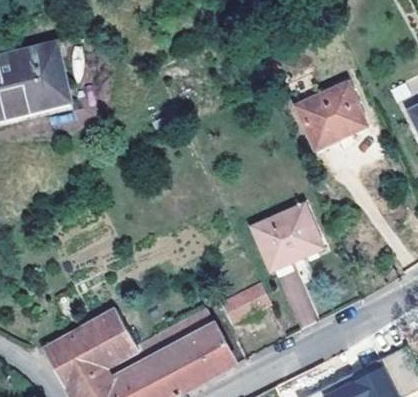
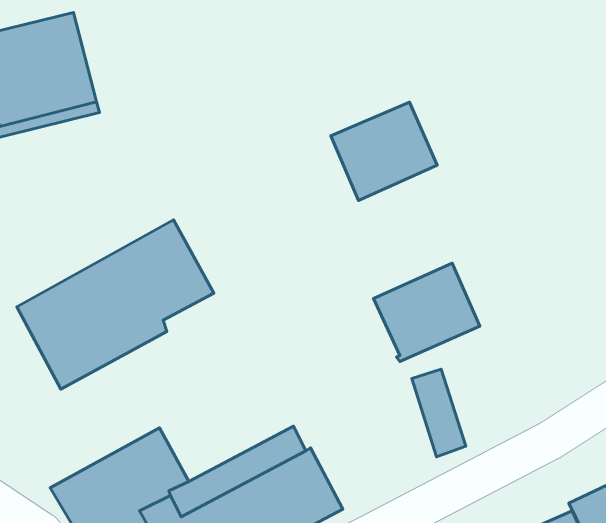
building: [296,85,365,149] -> [331,102,437,201]
building: none -> [17,220,214,389]
building: [222,280,270,319] -> none

